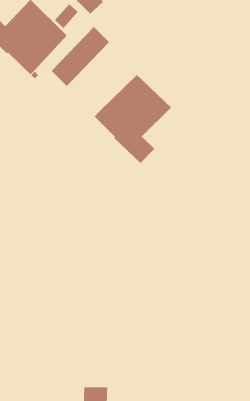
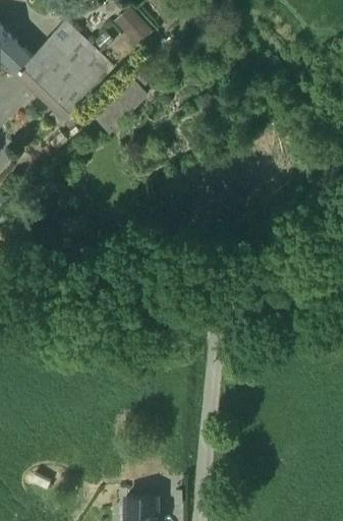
building: [94,74,172,164] -> none

